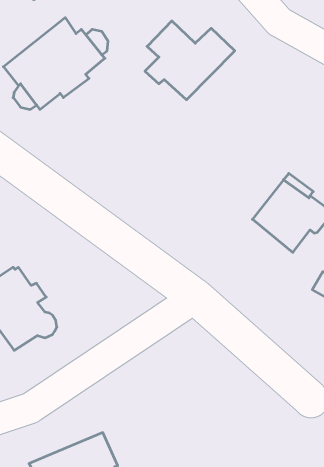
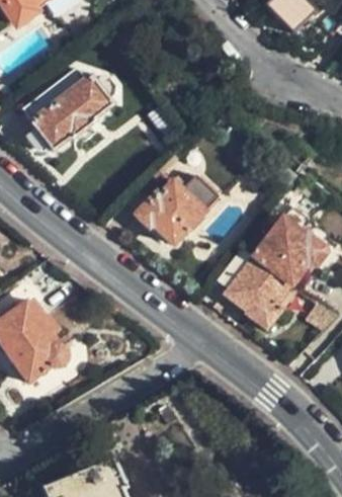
building: [145,21,235,100] -> [133,169,218,244]
building: none -> [210,247,290,330]

